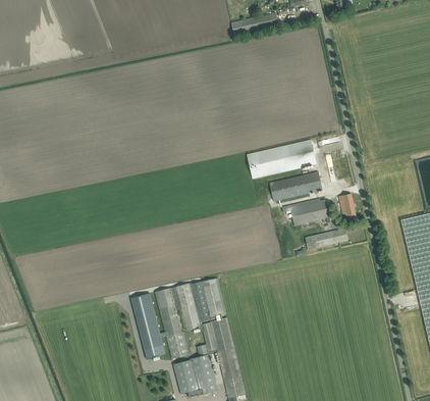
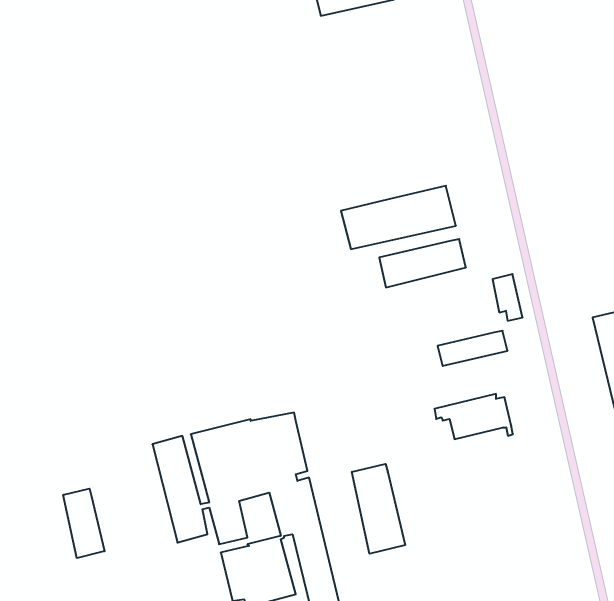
building: [282,197,330,224] -> [434,394,513,439]
building: none -> [352,464,405,554]
building: none -> [63,489,105,558]

